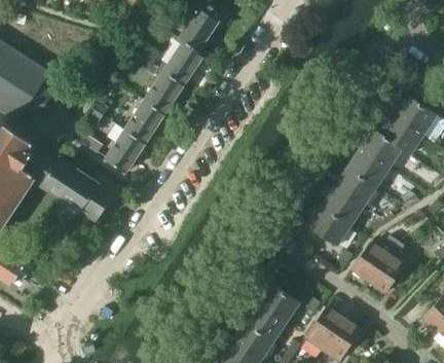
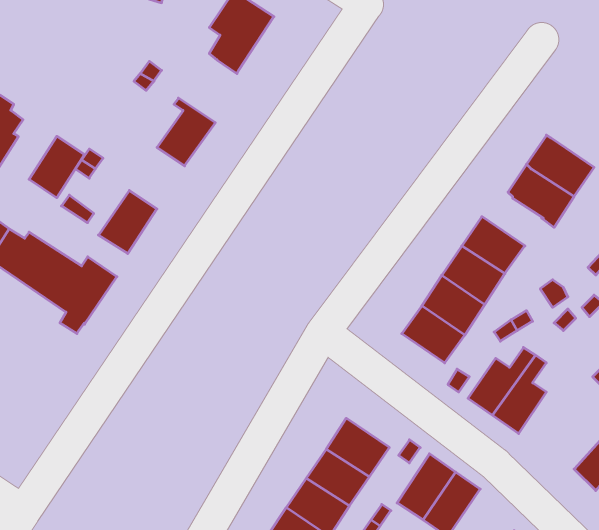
building: [158,43,202,85] -> none
building: [125,102,162,143] -> [29,136,85,198]
building: [361,129,402,168] -> none

